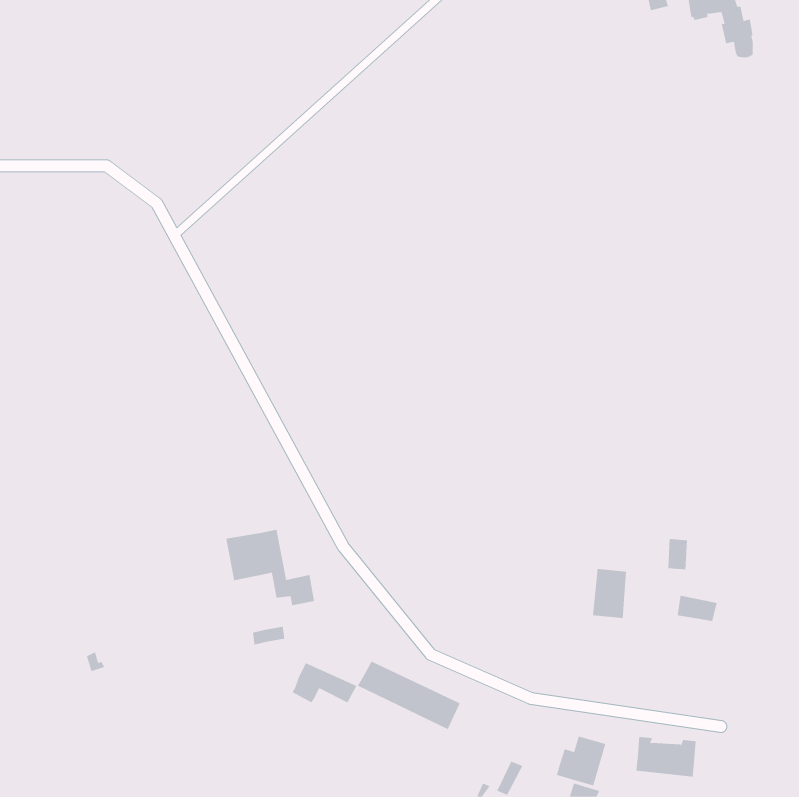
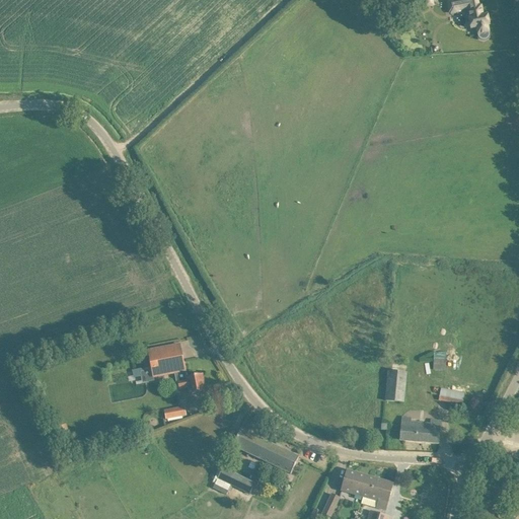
building: [291,662,357,703] -> [212,466,254,493]
building: none -> [341,468,374,495]
building: [636,736,697,777] -> [399,416,439,442]

